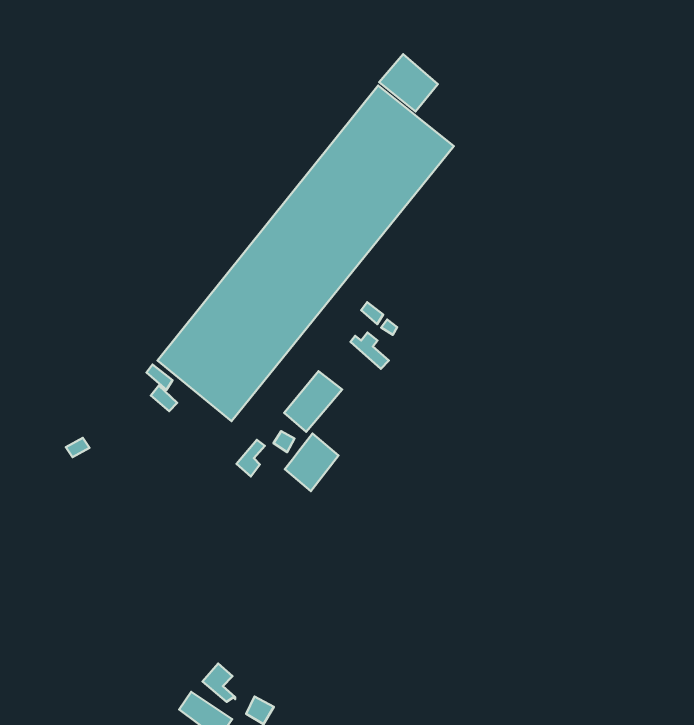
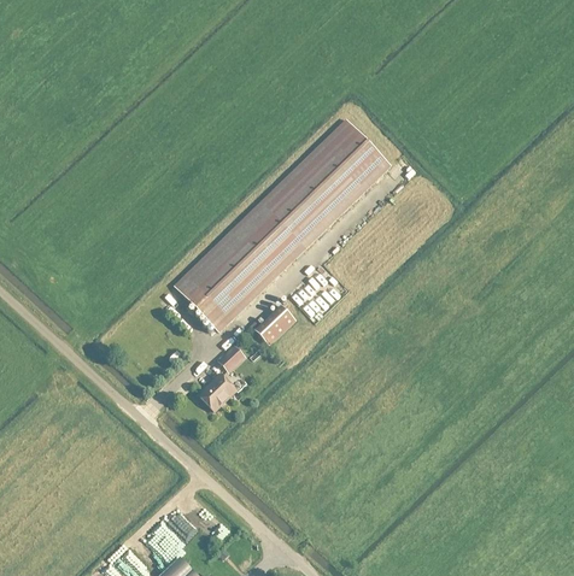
building: [379,54,438,112] -> none
building: [285,434,339,491] -> [198,372,235,411]

